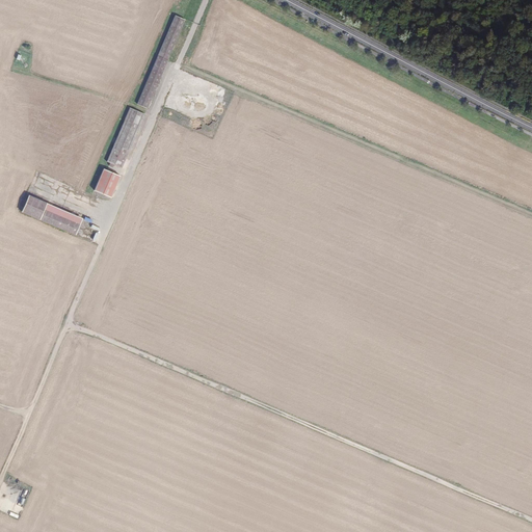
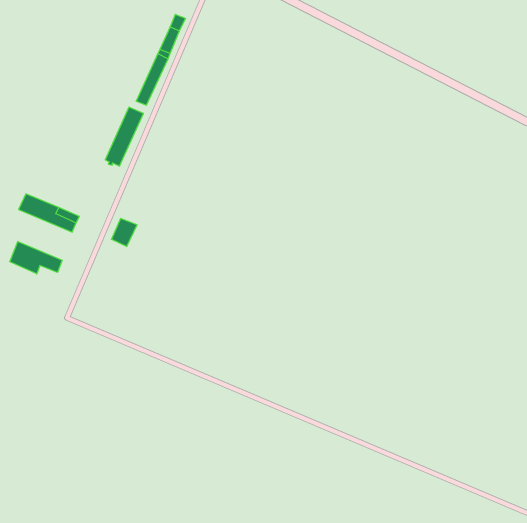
building: [95,166,121,194] -> [111,219,137,246]
building: none -> [10,241,62,274]

